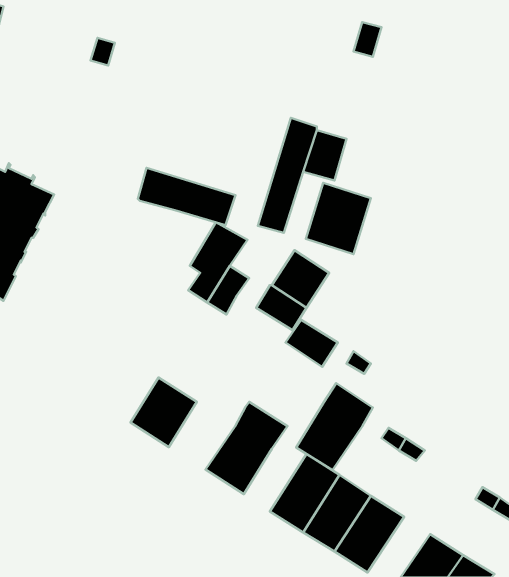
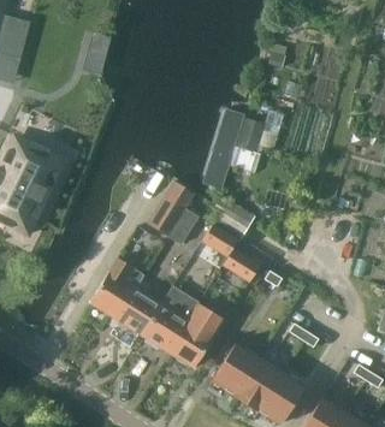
building: [138,168,235,225] -> none
building: [306,183,371,254] -> none
building: none -> [88,259,142,319]
building: [296,383,373,470] -> [141,291,194,351]

